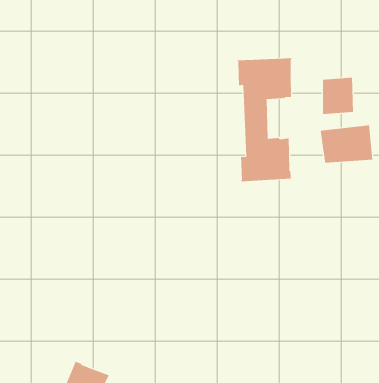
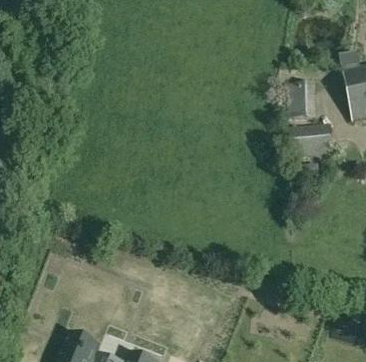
building: [237,58,292,182] -> none

